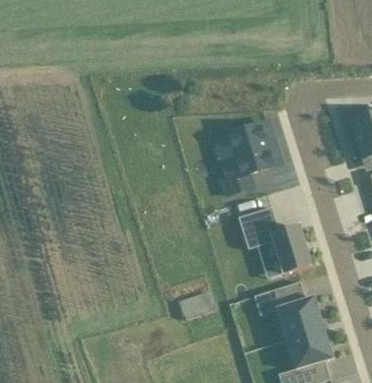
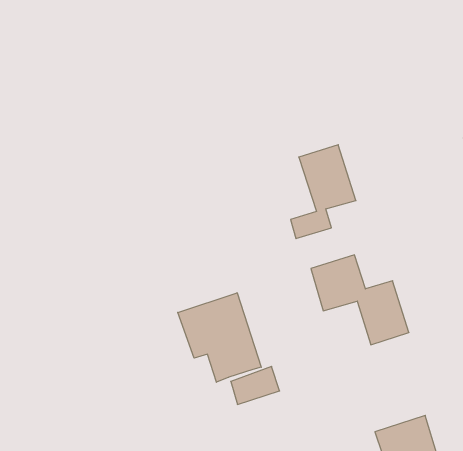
building: none -> [178,293,261,382]
building: [270,281,323,339] -> none

